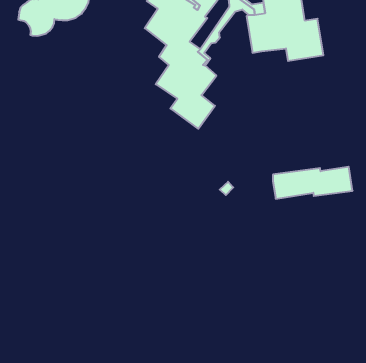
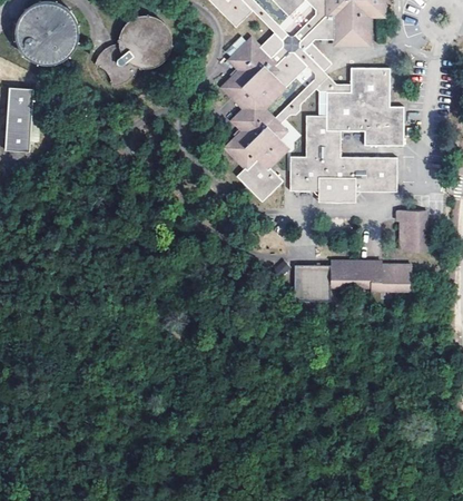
building: none -> [290,115,397,202]
building: none -> [397,210,426,252]
building: none -> [294,267,331,302]

